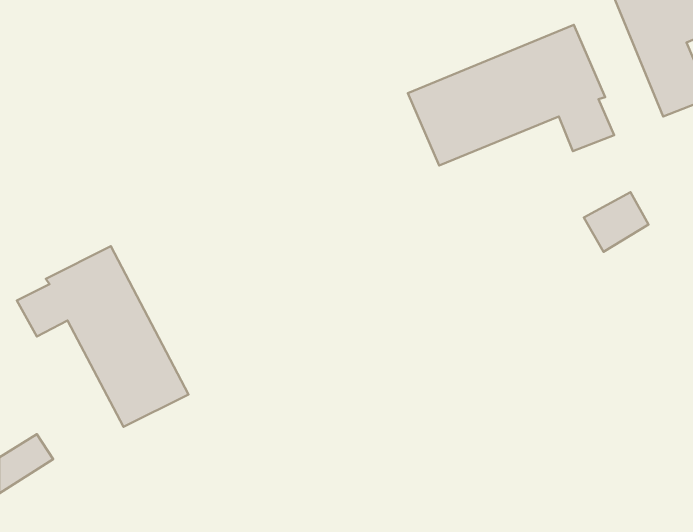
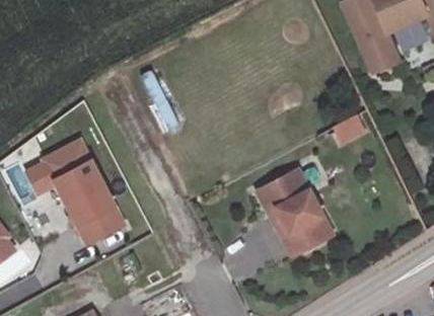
building: [408,25,614,165] -> none
building: none -> [252,169,331,256]

